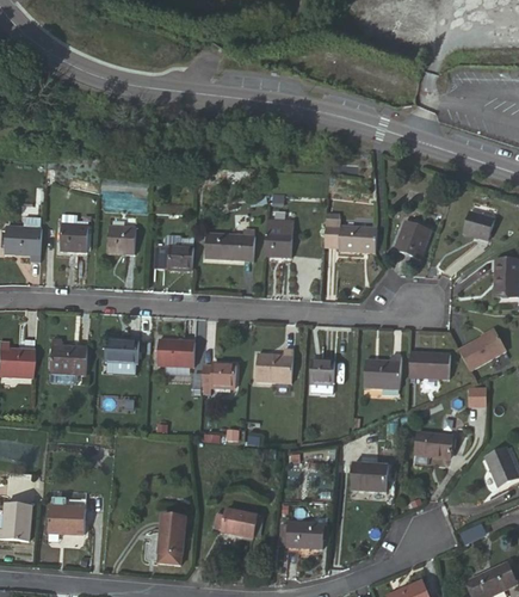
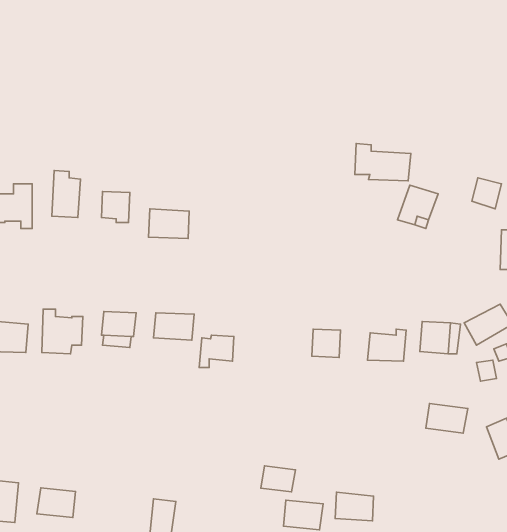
building: [323,215,377,251] -> [355,144,411,181]
building: [261,219,290,258] -> none
building: [203,232,252,258] -> none
building: [257,344,297,381] -> none
building: [346,462,383,490] -> [335,492,374,521]
building: [215,510,248,535] -> [261,466,295,492]

